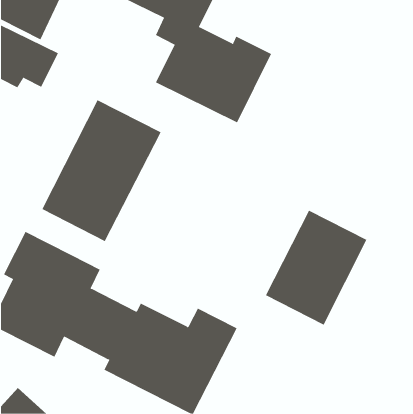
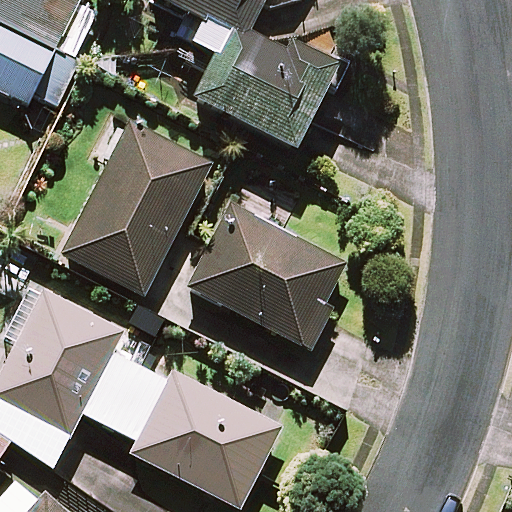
building: none -> [191,206,348,347]
building: [265,210,367,326] -> none

